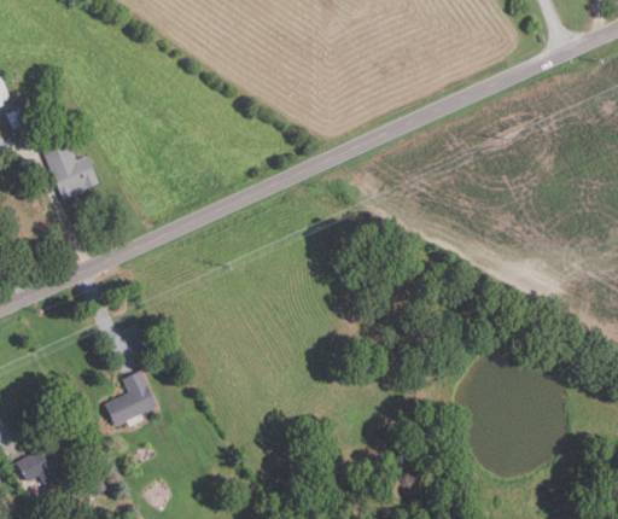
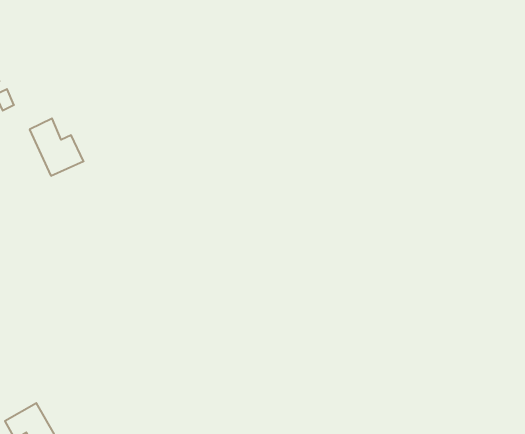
building: [104,369,157,426] -> none

